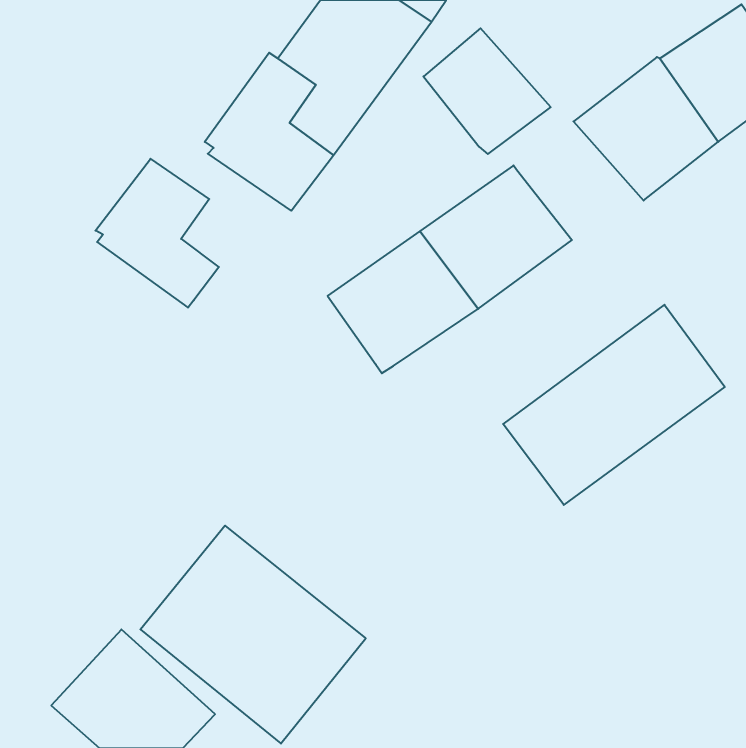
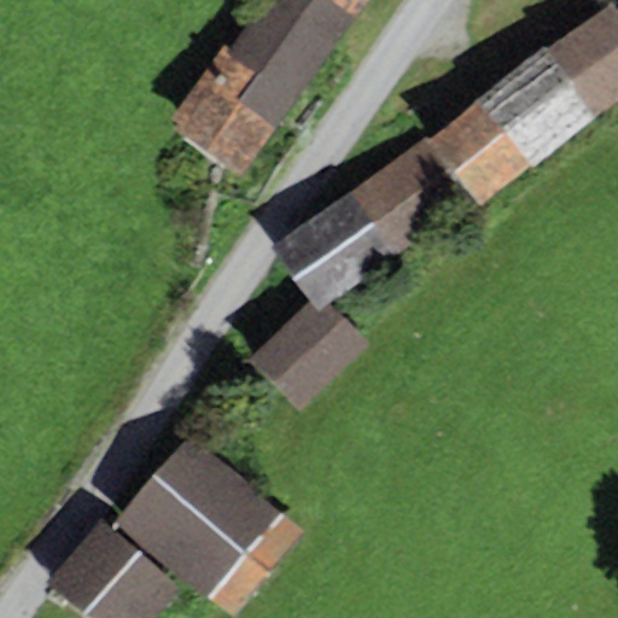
building: [423,28,551,154] -> [427,100,532,204]
building: [95,159,219,308] -> none
building: [503,305,725,505] -> none
building: none -> [246,301,371,409]

